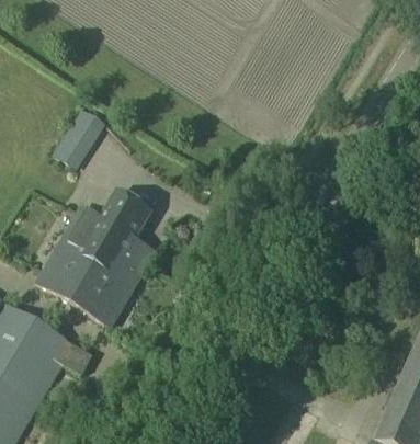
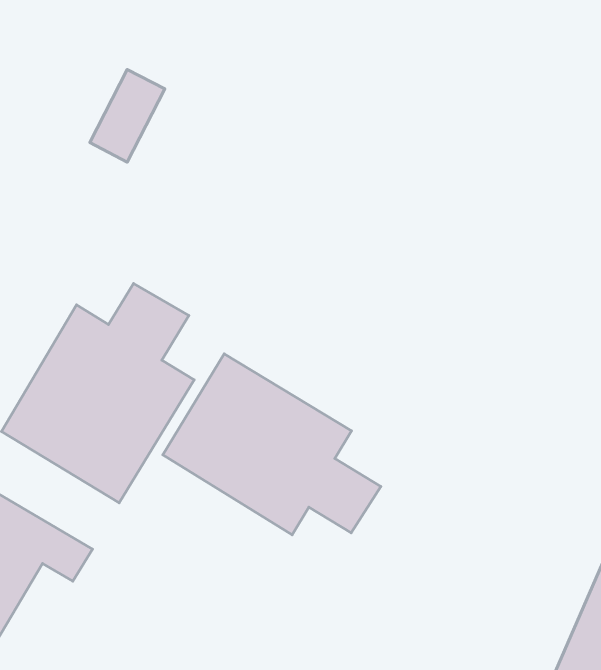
building: [57,107,103,164] -> [90,69,165,162]
building: none -> [163,354,381,535]

